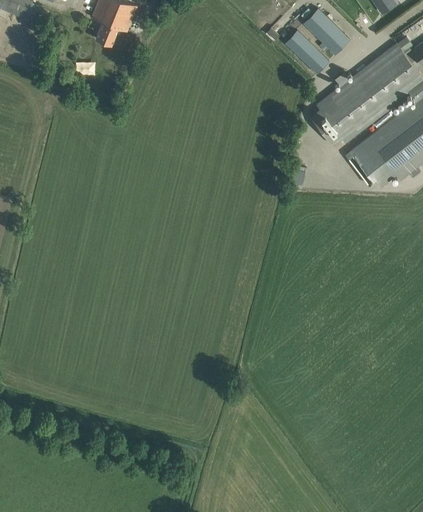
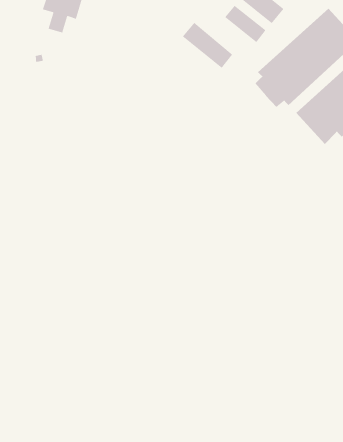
building: none -> [182,22,233,69]

